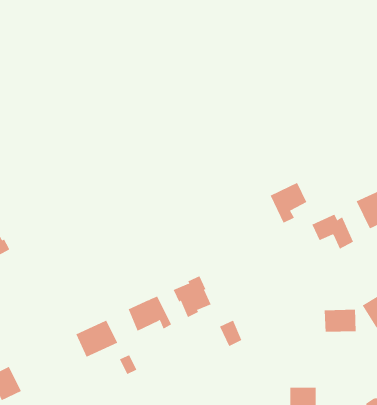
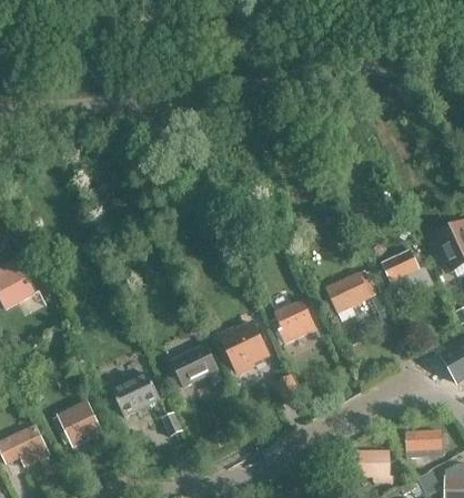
building: [270,182,307,223] -> [326,273,370,321]
building: none -> [270,299,315,343]
building: [324,309,357,332] -> [405,430,443,457]
building: none -> [52,402,105,446]

